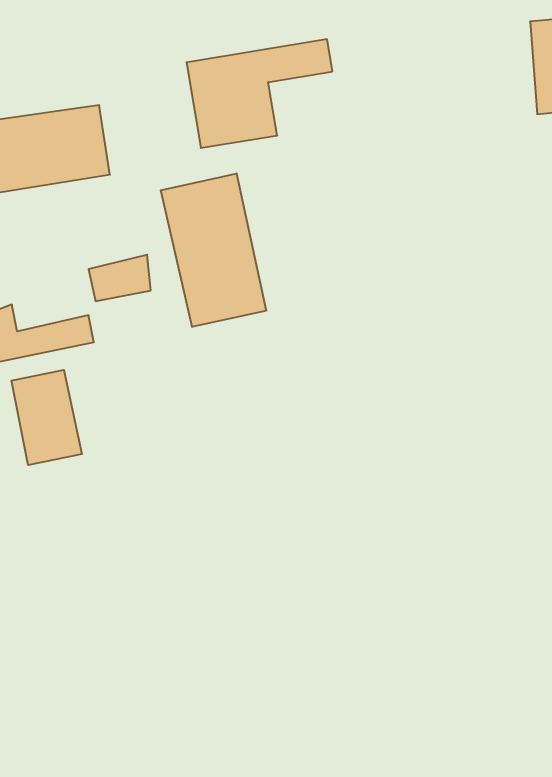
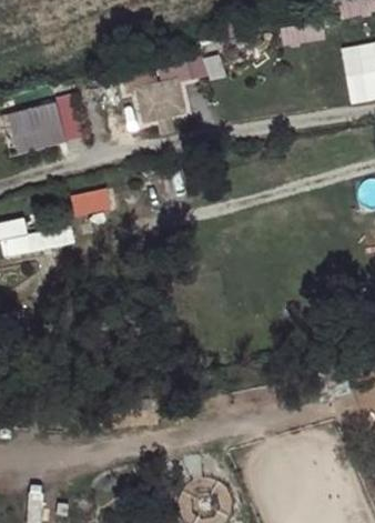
building: [161,173,266,327] -> none
building: [12,370,82,465] -> none

